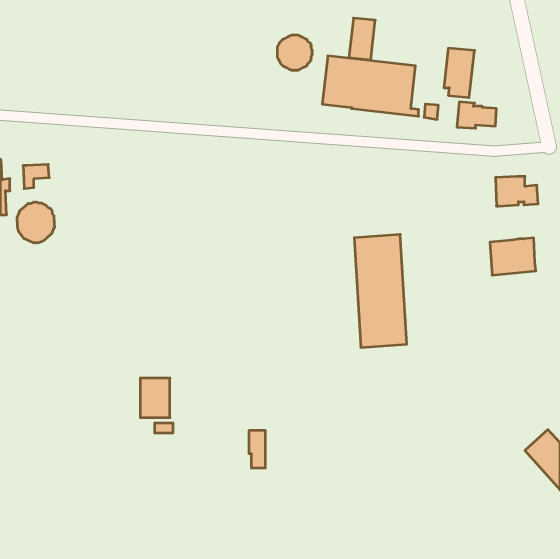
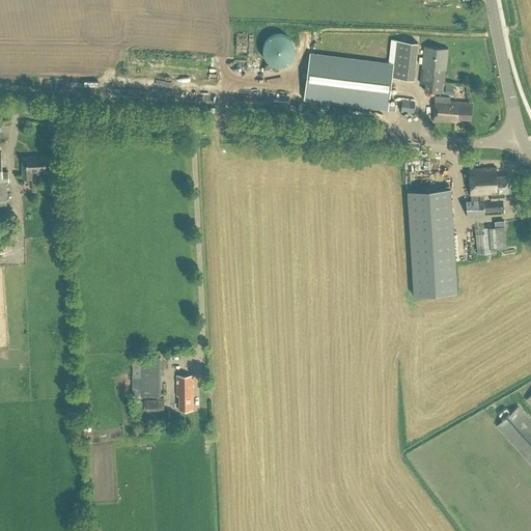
building: [349,18,375,60] -> [393,40,418,80]
building: [17,202,54,243] -> none
building: [354,234,407,347] -> [407,189,456,296]
building: [249,431,265,468] -> [176,375,192,411]

